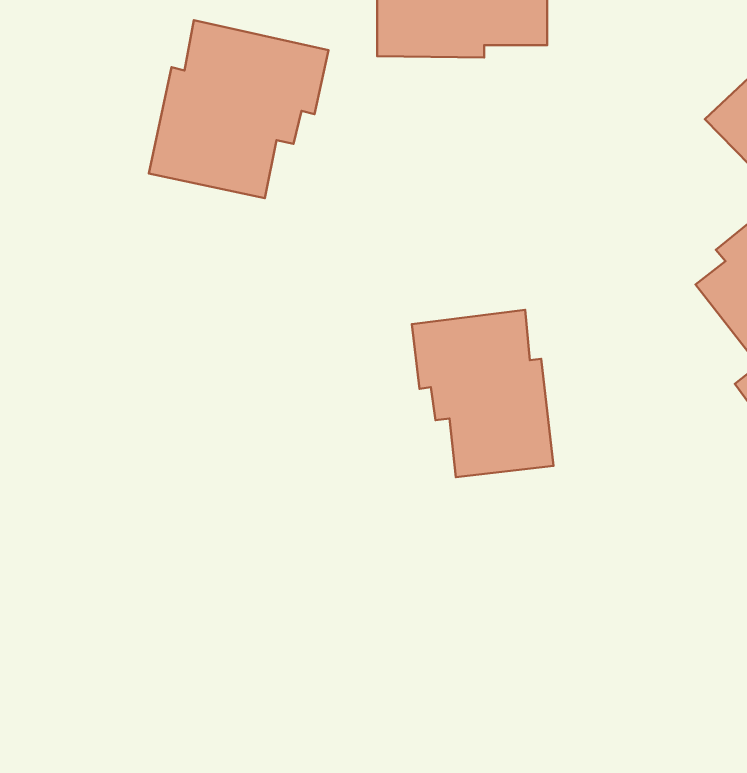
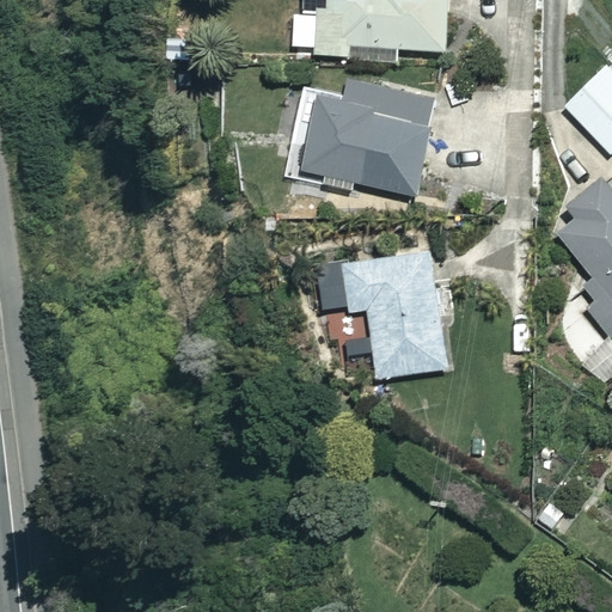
building: [149,20,329,198] -> none
building: none -> [300,81,435,194]

